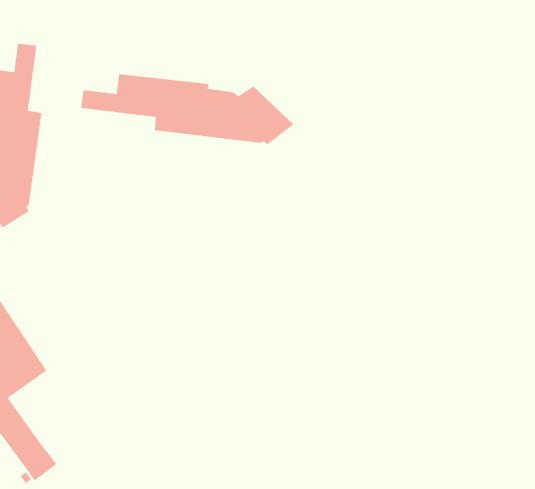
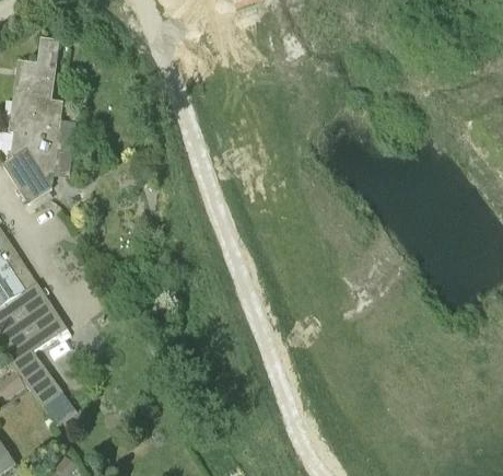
building: [81,73,294,145] -> none

